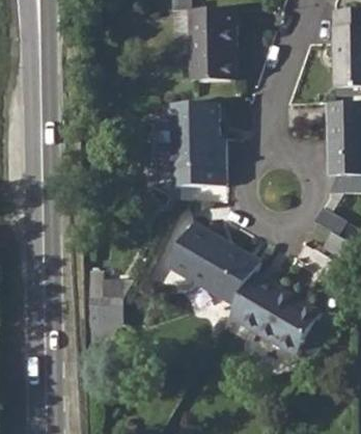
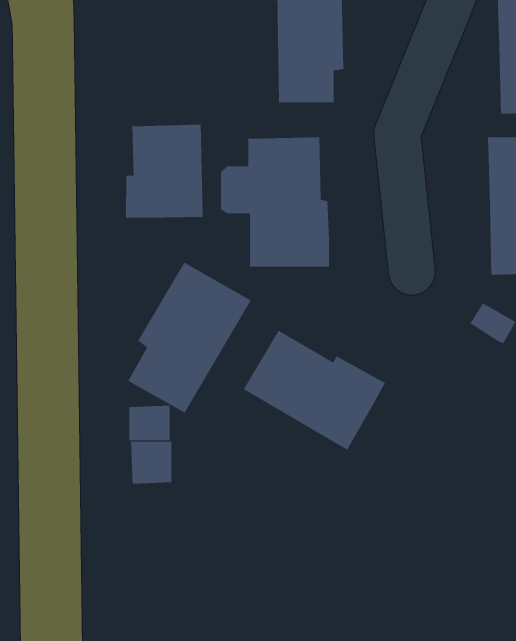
building: none -> [125,124,203,219]
building: none -> [128,262,251,414]
building: [229,271,323,354] -> none

